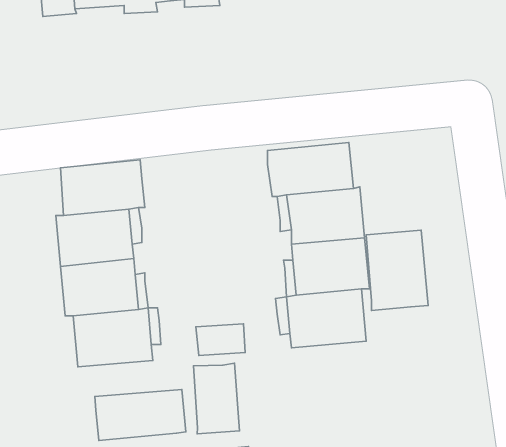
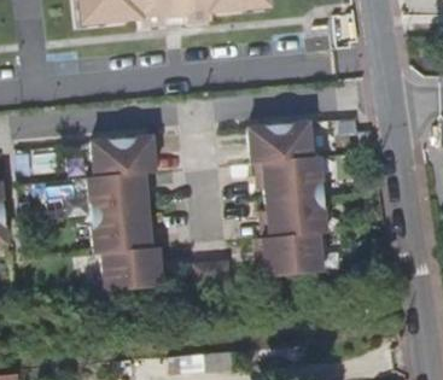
building: [366,230,428,311] -> none
building: [193,363,240,434] -> none
building: [95,389,186,440] -> none

